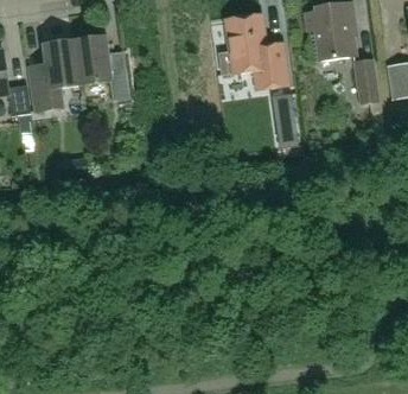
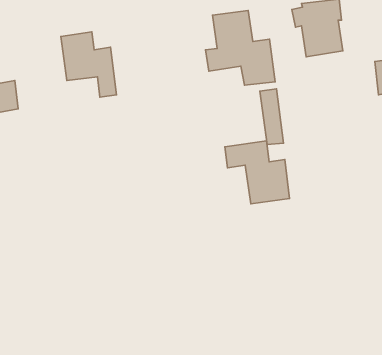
building: [31,39,79,109] -> none
building: [353,58,380,103] -> none
building: none -> [225,141,289,204]

